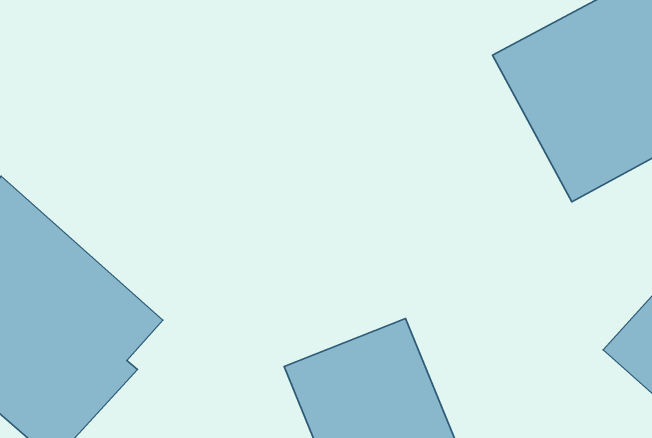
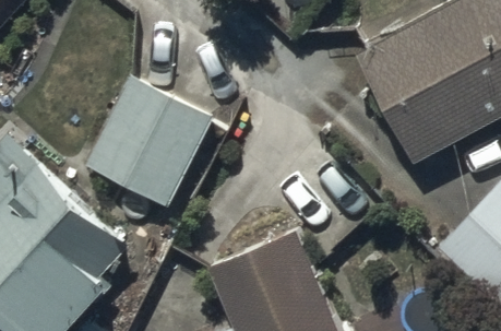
building: none -> [87,82,213,209]

